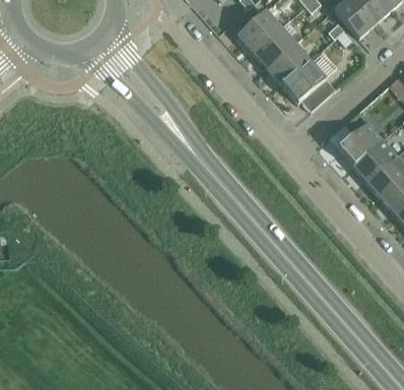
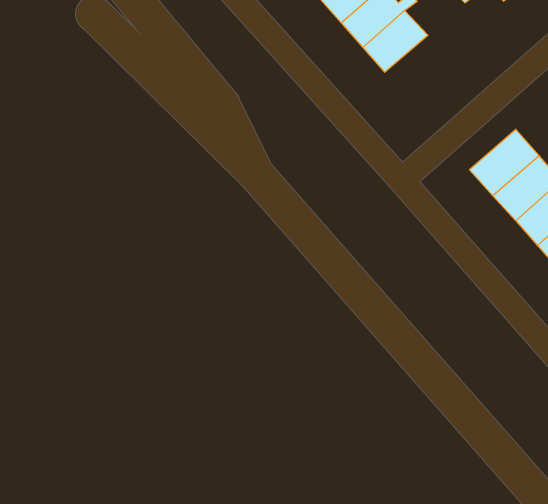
building: [281,60,335,112] -> none

